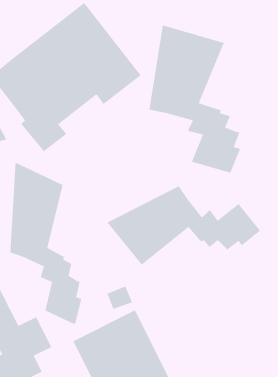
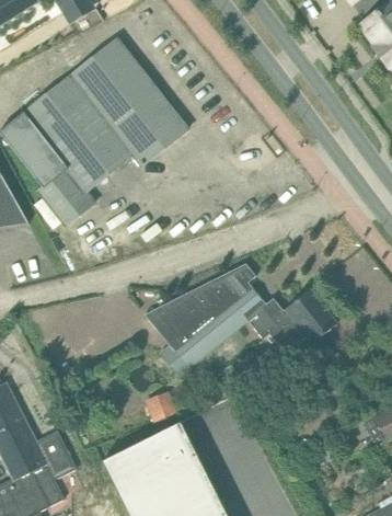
building: [149,24,241,173] -> none
building: [10,162,82,325] -> none

